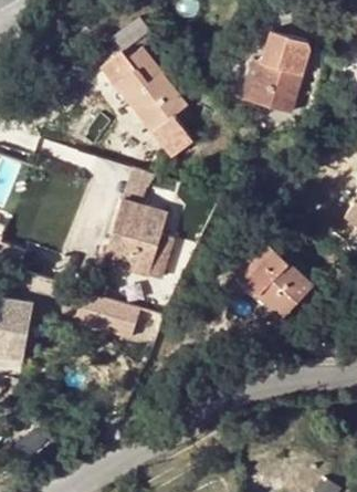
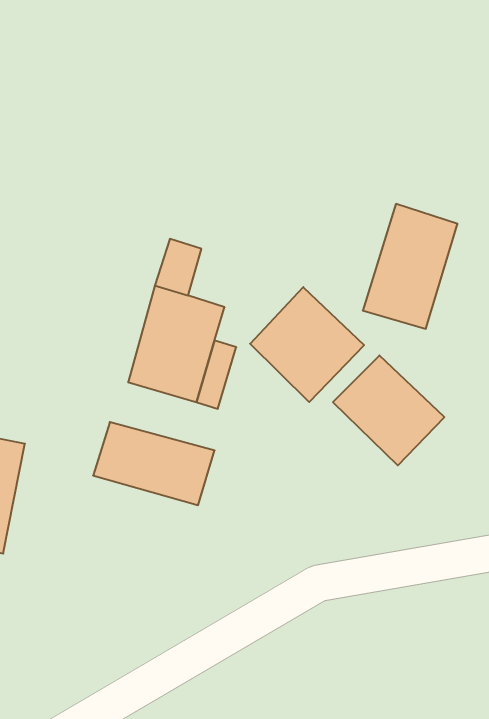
building: [248,29,311,112] -> [363,204,458,329]
building: [107,46,189,155] -> none
building: none -> [250,287,364,402]

